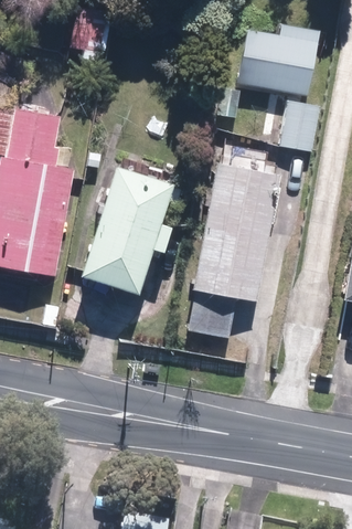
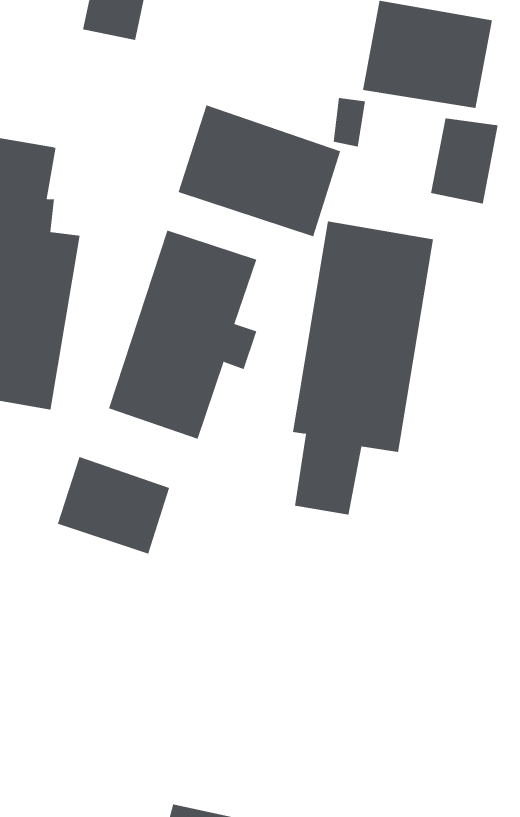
building: none -> [178,104,341,237]
building: none -> [57,456,170,554]

